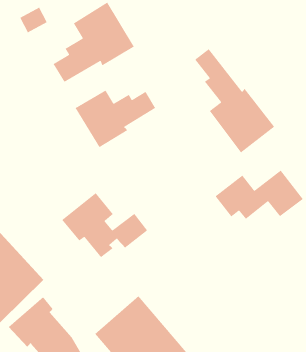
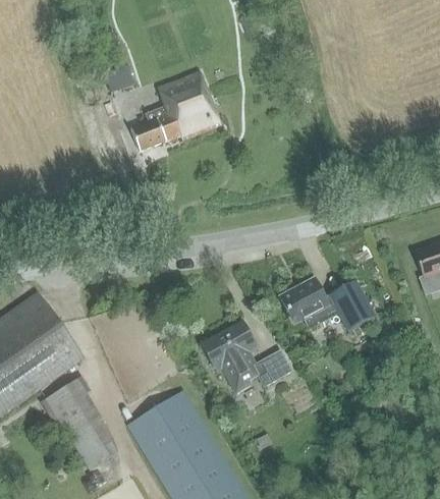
building: [194,48,275,153] -> none
building: [75,90,156,148] -> none
building: [61,192,148,258] -> [201,321,291,392]

